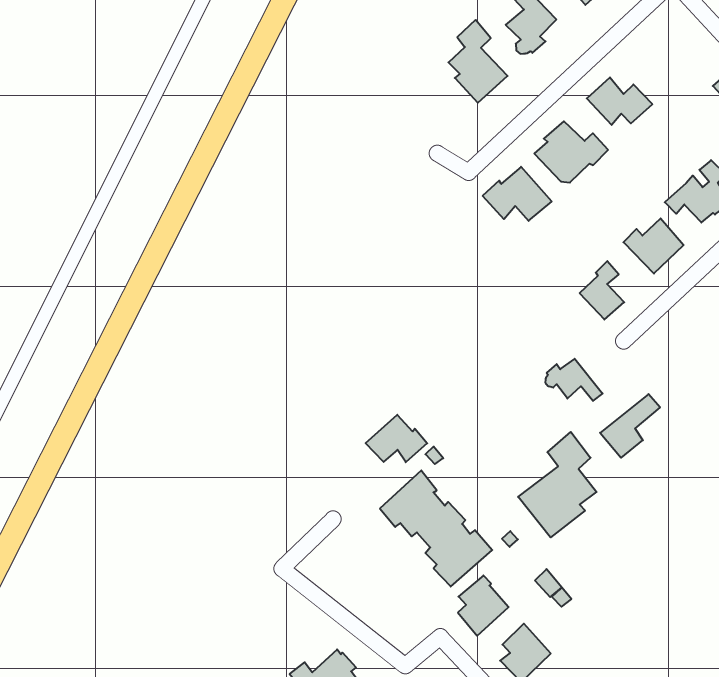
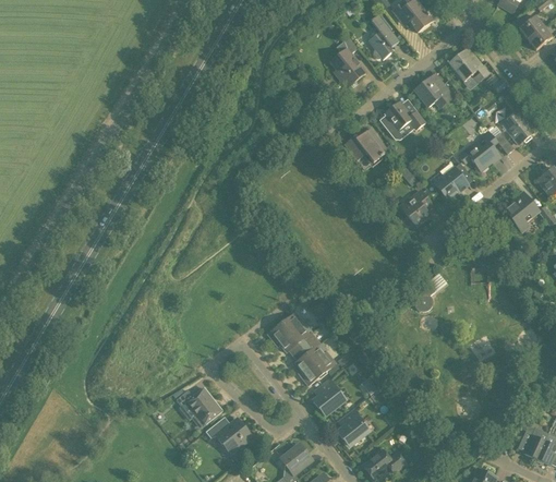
building: none -> [448,50,488,84]
building: [545,359,603,401] -> none
building: [366,415,427,462] -> none
building: [518,432,597,537] -> none
building: none -> [177,386,221,425]

